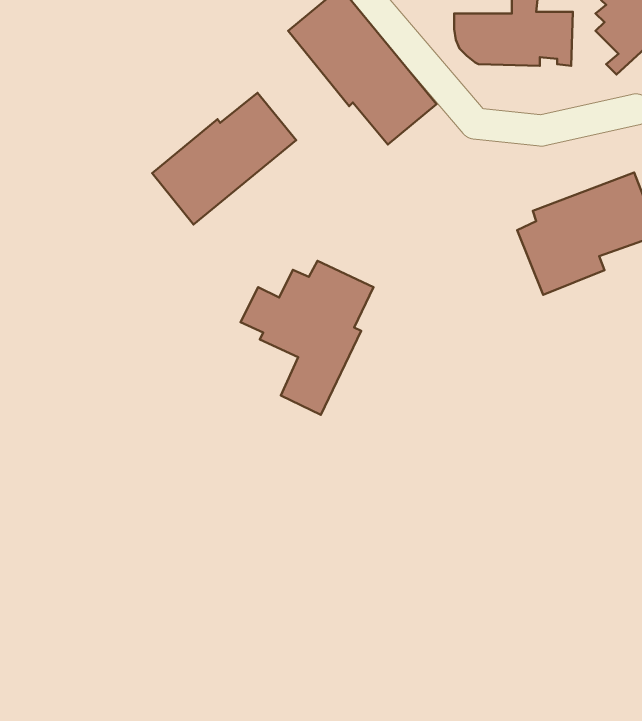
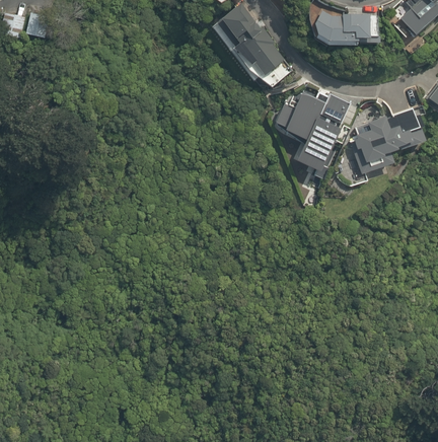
building: [152,93,296,224] -> none
building: [241,261,373,415] -> [274,87,351,176]

